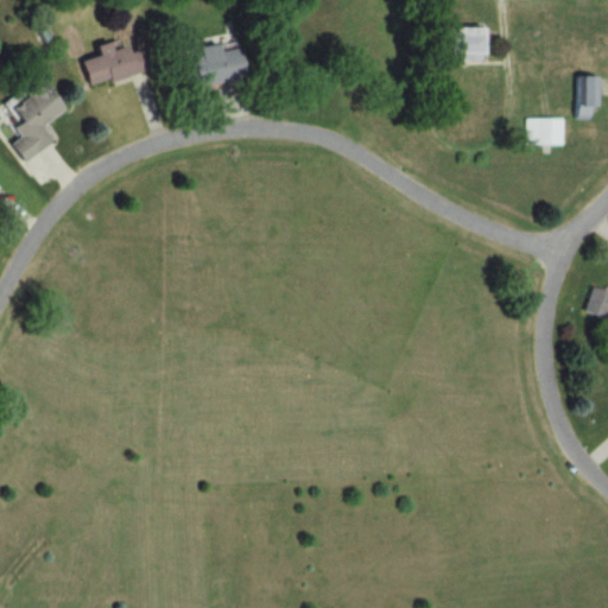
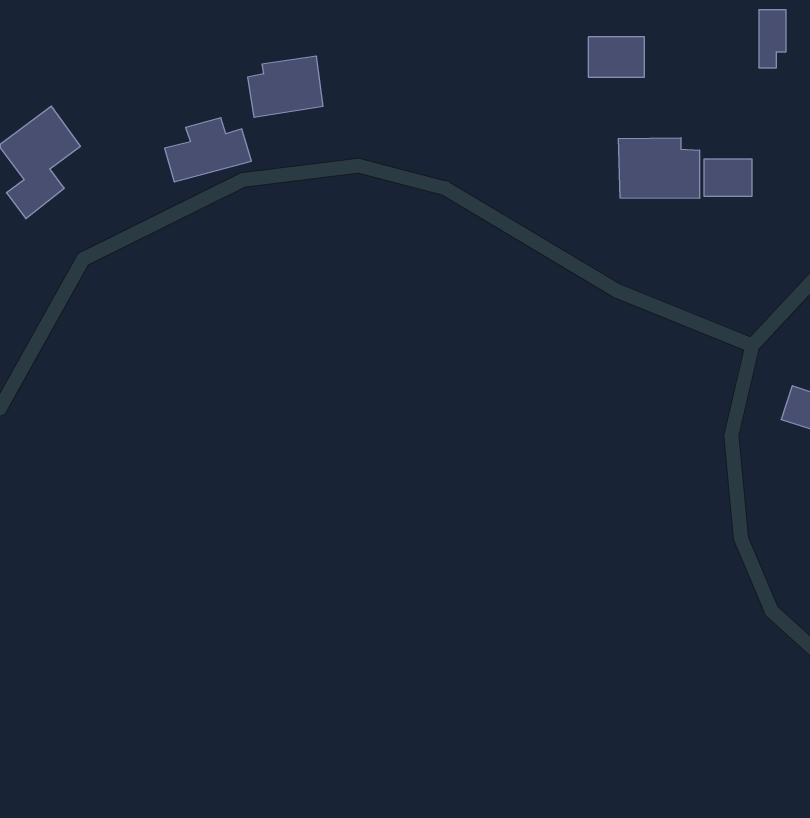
building: [84,38,148,86] -> [165,118,251,182]
building: [578,76,598,119] -> [759,10,786,68]
building: none -> [618,138,699,198]

